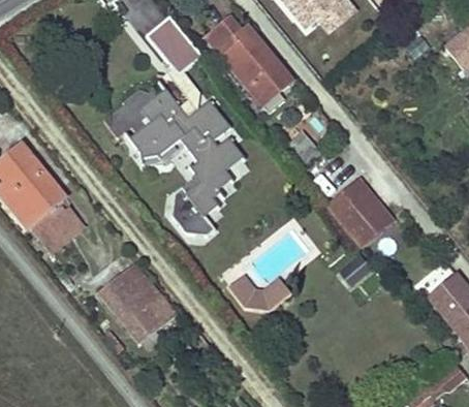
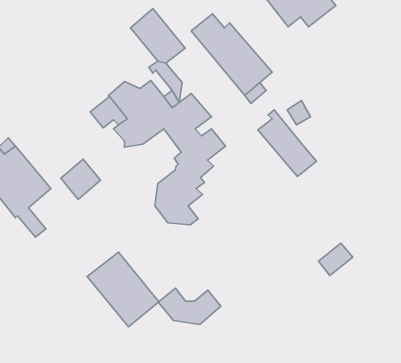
building: [327,179,393,245] -> none
building: [42,197,83,239] -> [61,159,100,200]
building: [228,274,292,311] -> [158,288,221,324]

